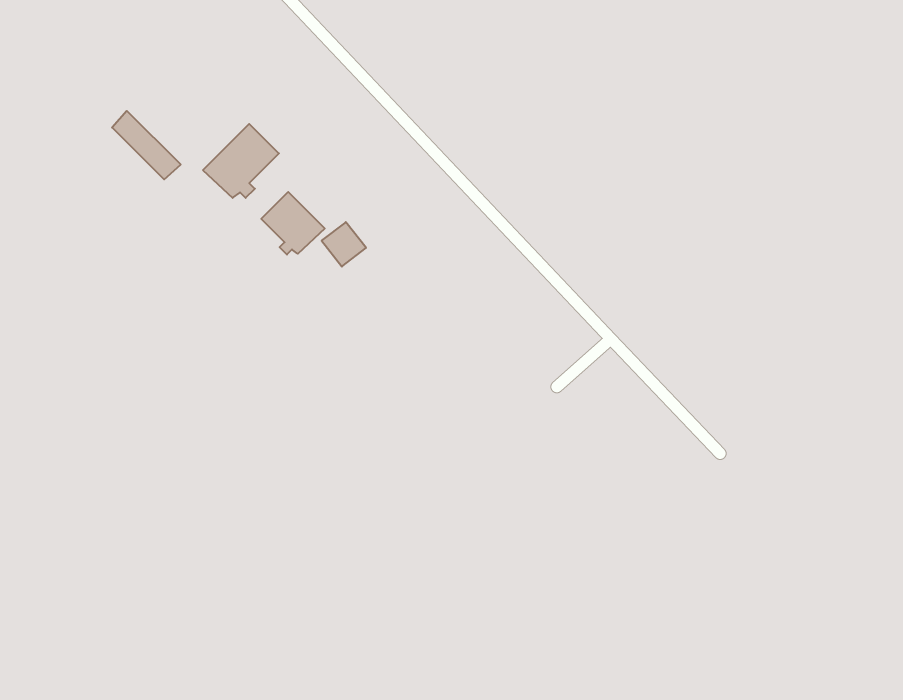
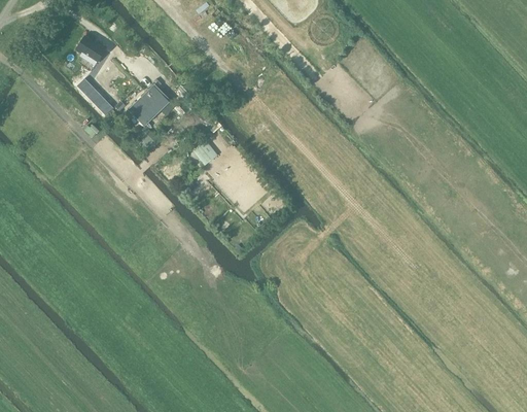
building: none -> [75,35,105,65]
building: [261,192,325,255] -> none

